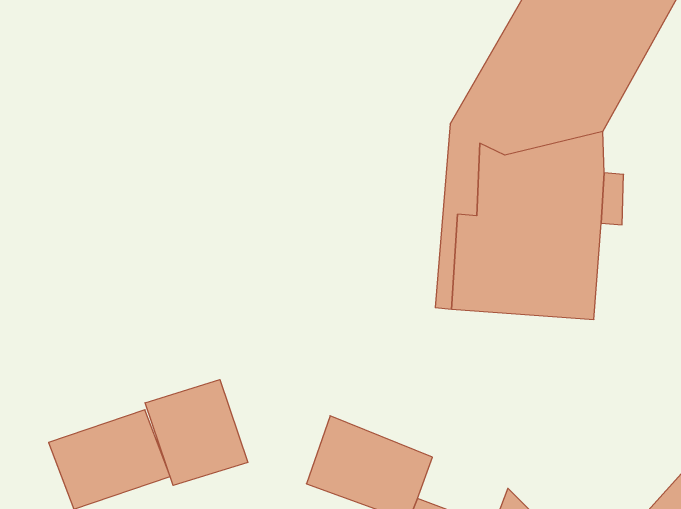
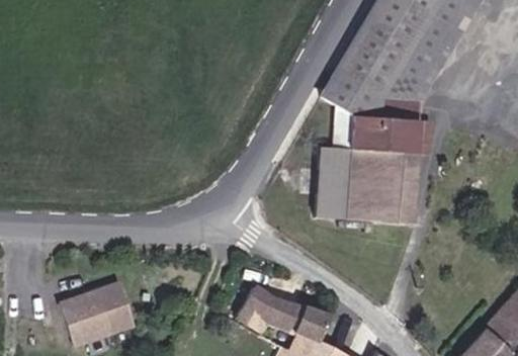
building: [145,380,248,485] -> none

